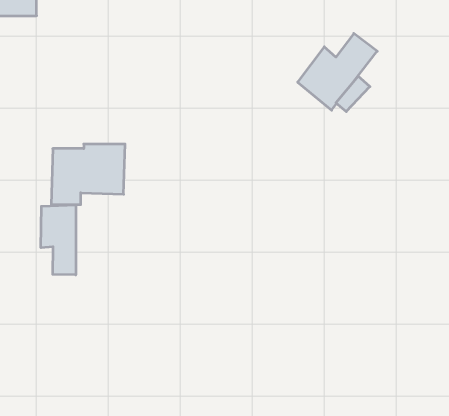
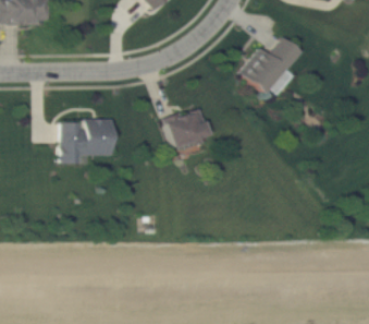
building: none -> [163,106,211,146]
building: [41,205,76,275] -> none

